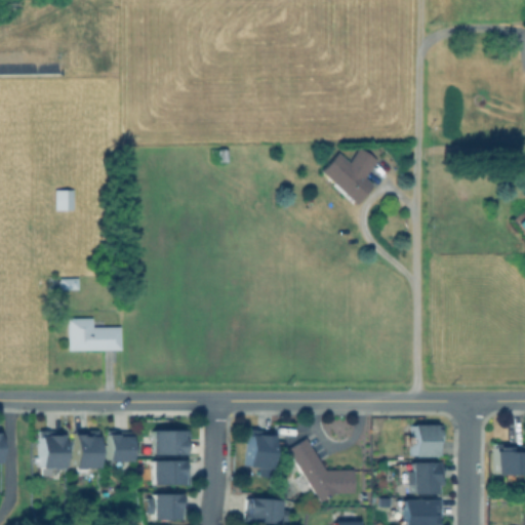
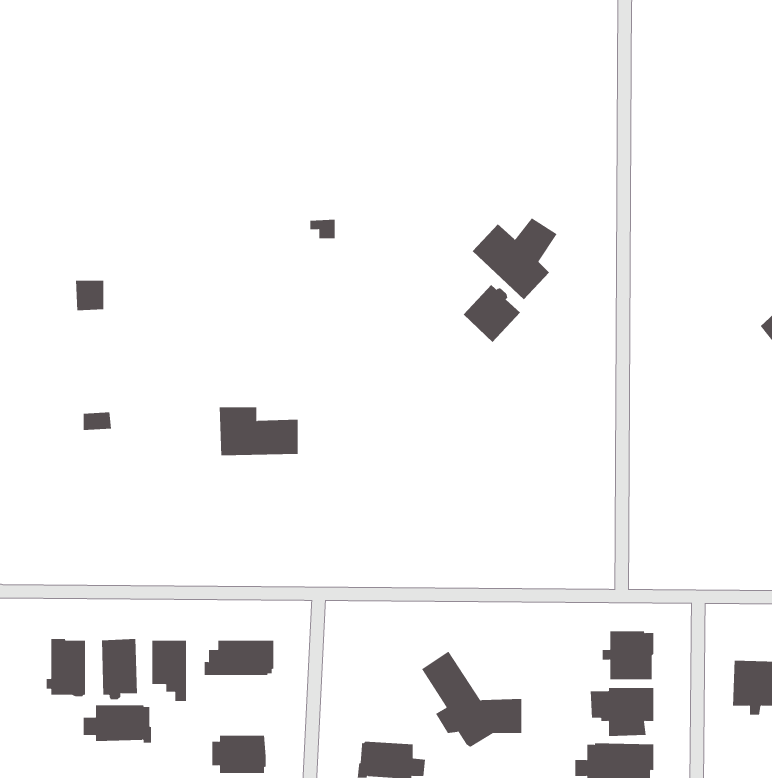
building: none -> [463,284,521,343]
building: [70,319,123,352] -> [219,407,299,456]
building: [248,431,276,480] -> none
building: [145,461,191,487] -> [83,705,152,743]

